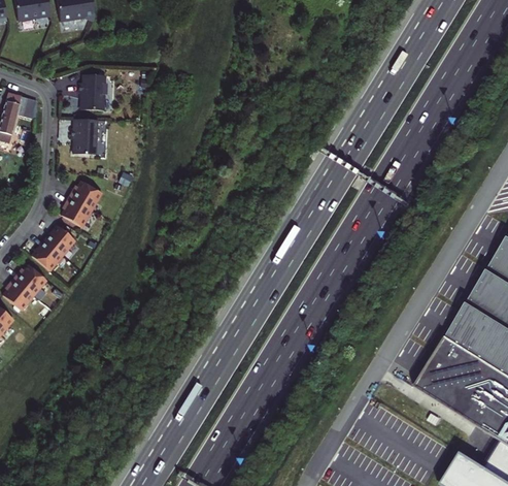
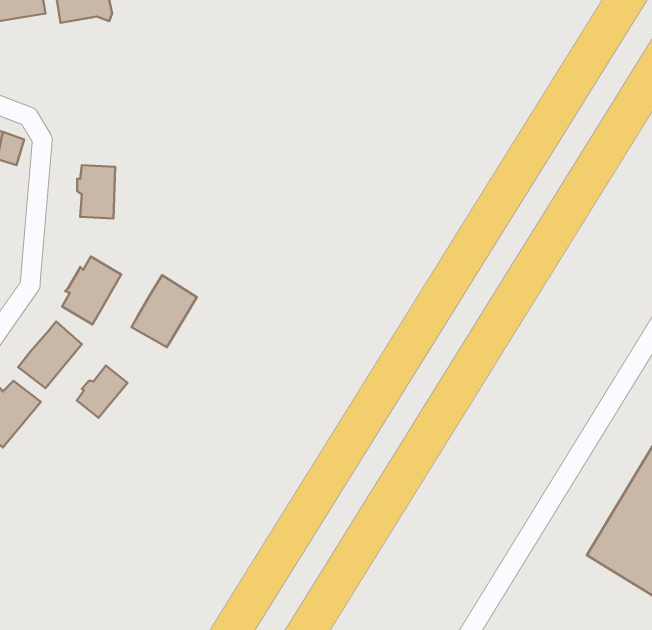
building: [78,74,106,110] -> none
building: none -> [131,275,197,347]
building: none -> [77,366,127,418]

